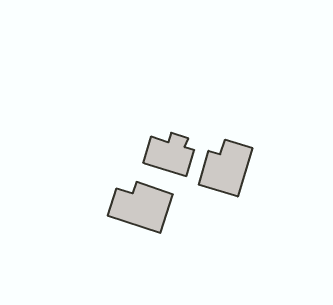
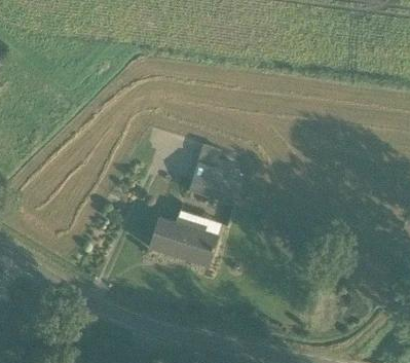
building: [199,140,252,197] -> none

